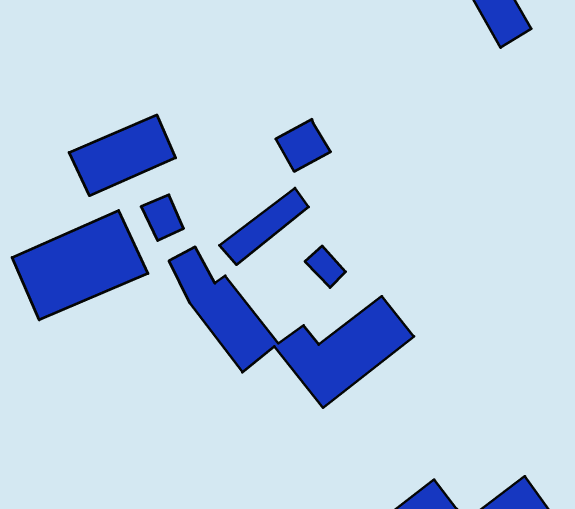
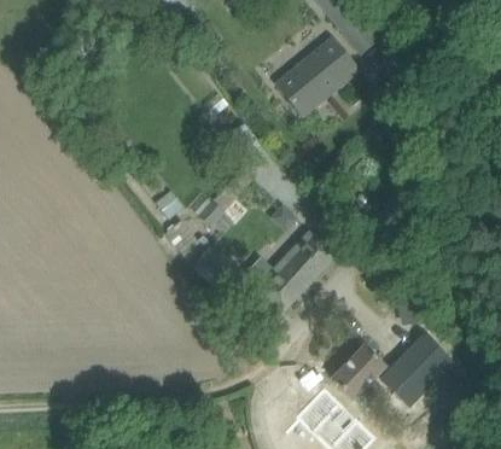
building: none -> [275,37,356,113]
building: [69,115,176,196] -> none
building: [12,210,148,320] -> none

